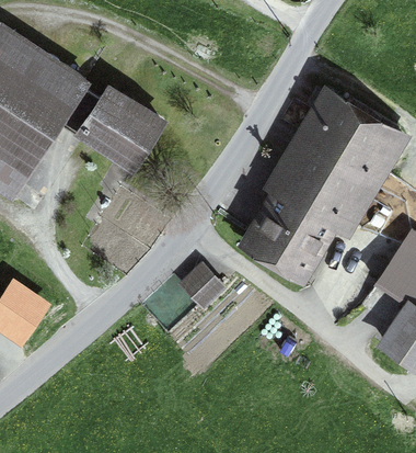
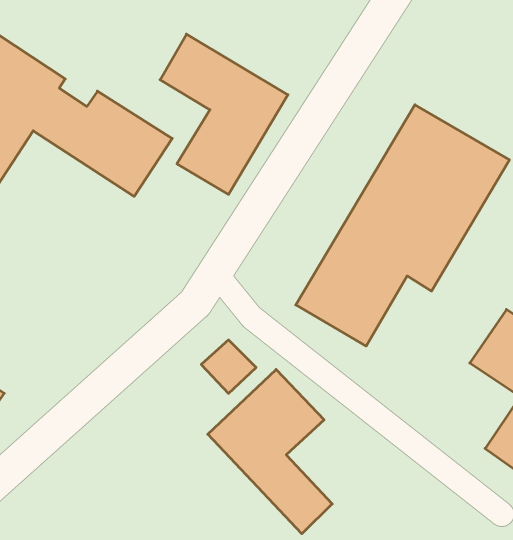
building: none -> [160,34,288,194]
building: none -> [208,369,332,534]

